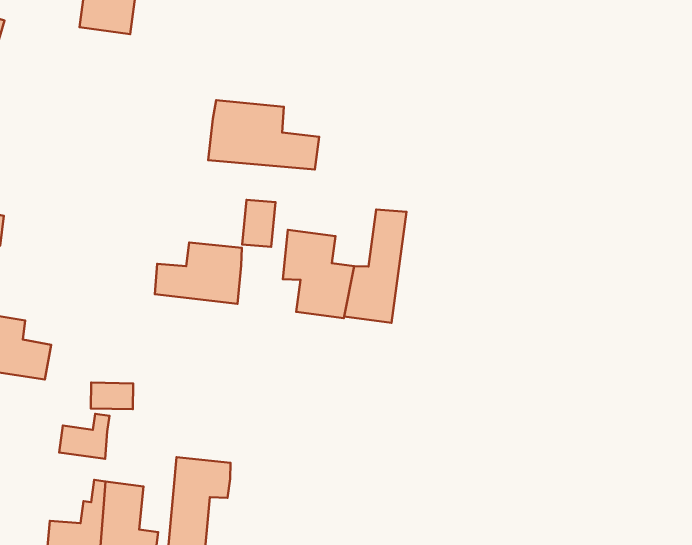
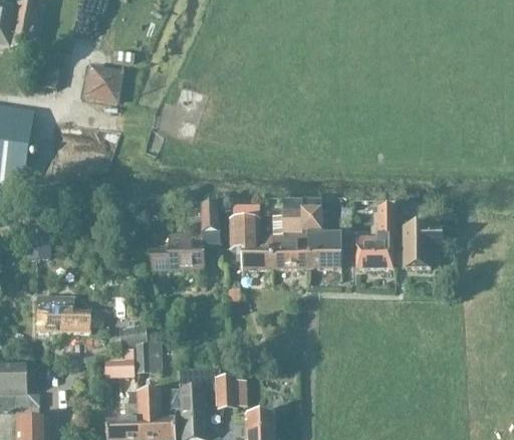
building: [208,100,319,170] -> none
building: none -> [301,196,341,266]
building: none -> [355,204,396,266]
building: none -> [404,225,442,265]
building: none -> [136,340,162,371]
building: none -> [214,376,236,408]

